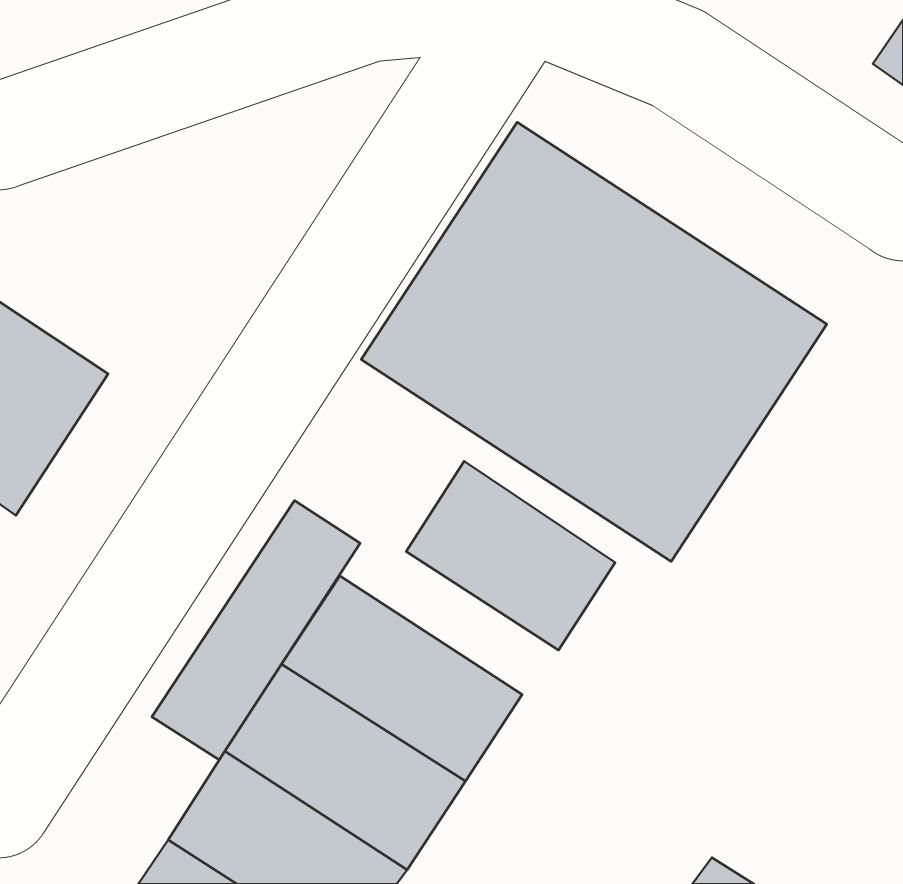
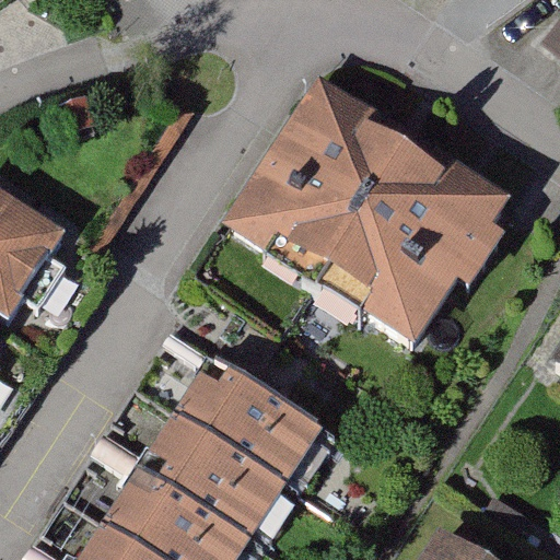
building: [406,461,615,650] -> none
building: [152,501,360,760] -> none

